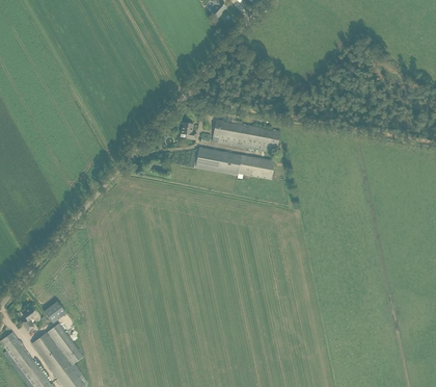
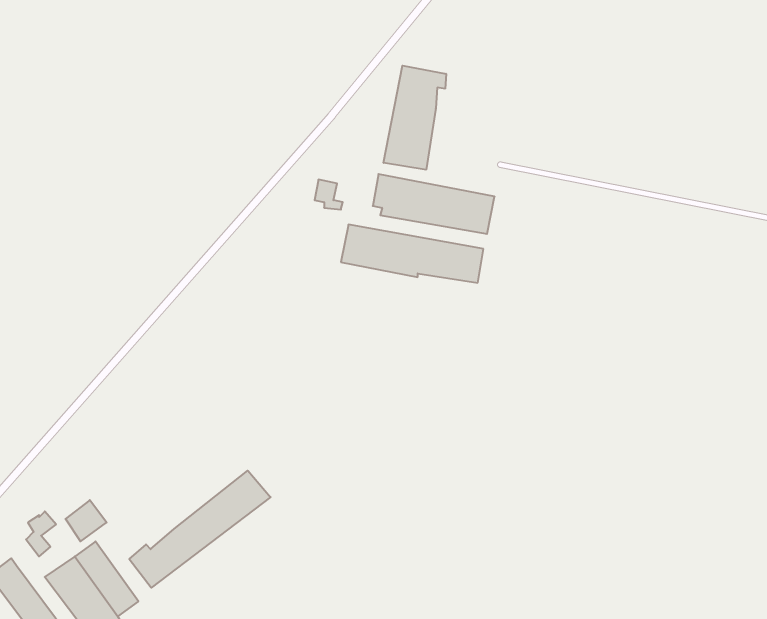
building: none -> [384,66,446,170]
building: none -> [129,471,271,588]

